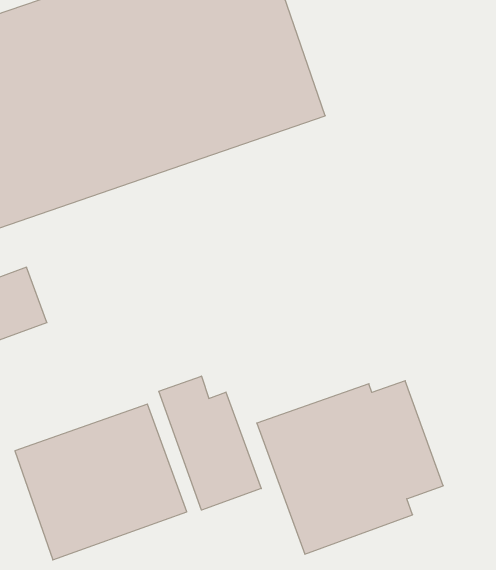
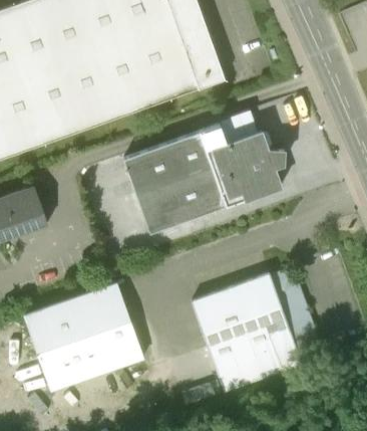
building: none -> [122,123,283,231]
building: [159,376,261,510] -> none

